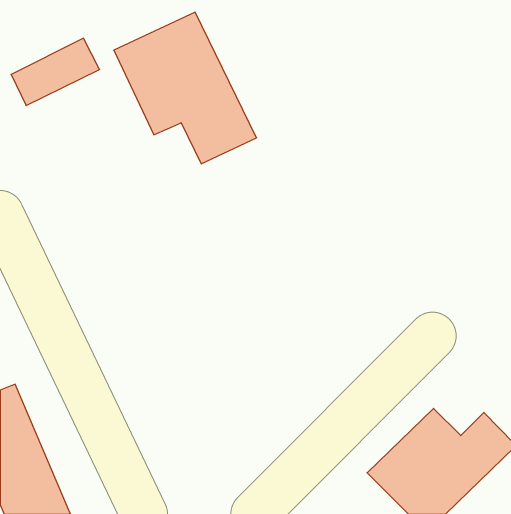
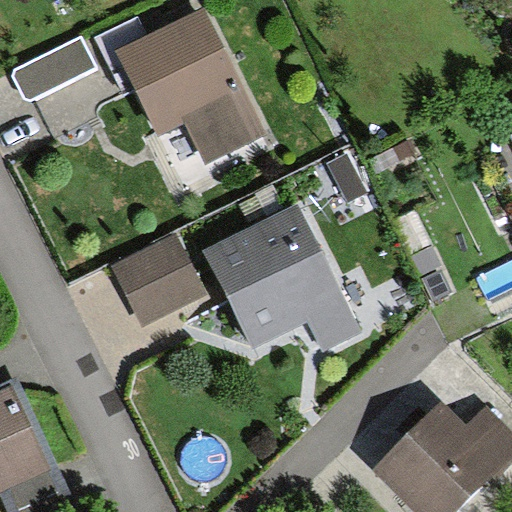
building: none -> [209,209,361,346]
building: none -> [110,236,200,326]

